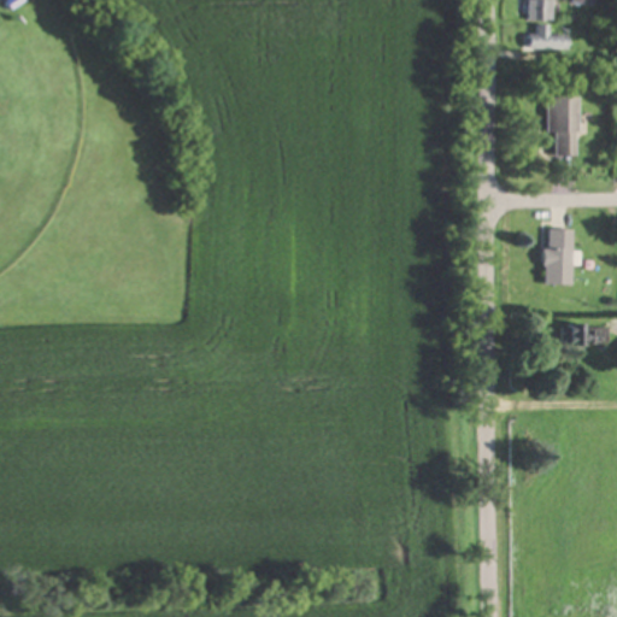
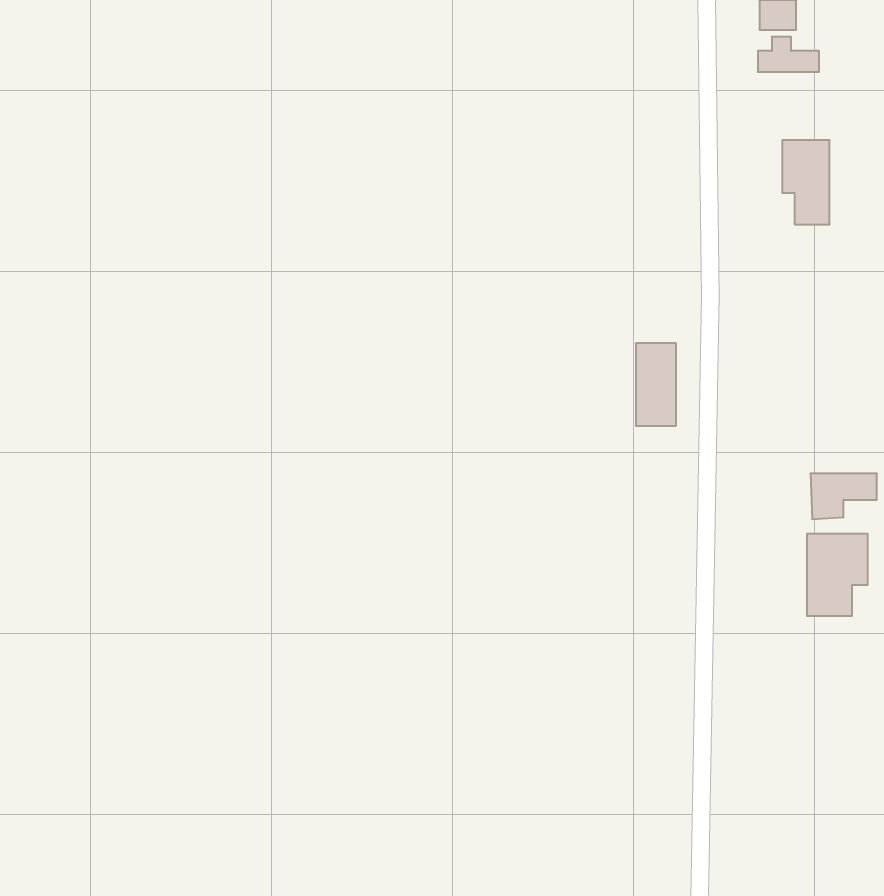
building: [547,228,575,284] -> [636,343,676,426]
building: none -> [807,534,868,616]

